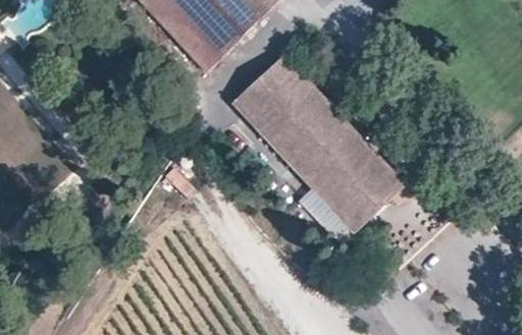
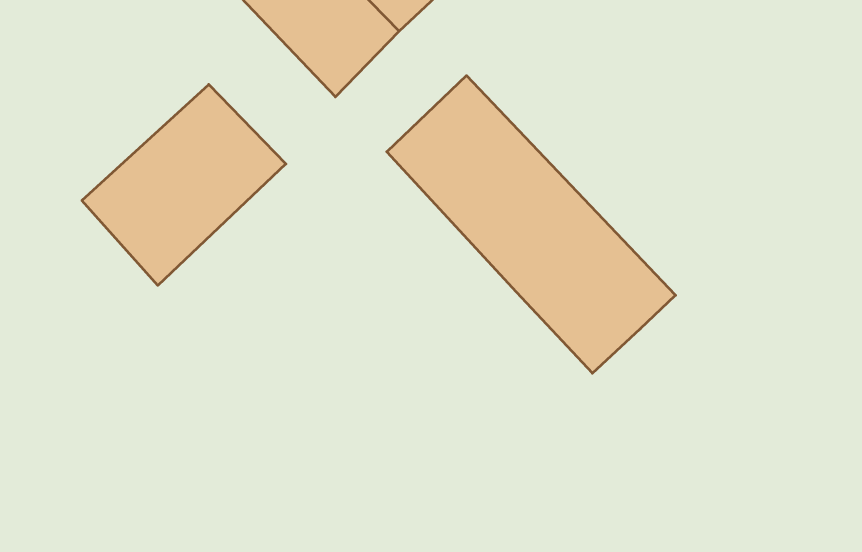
building: none -> [82,84,286,285]

